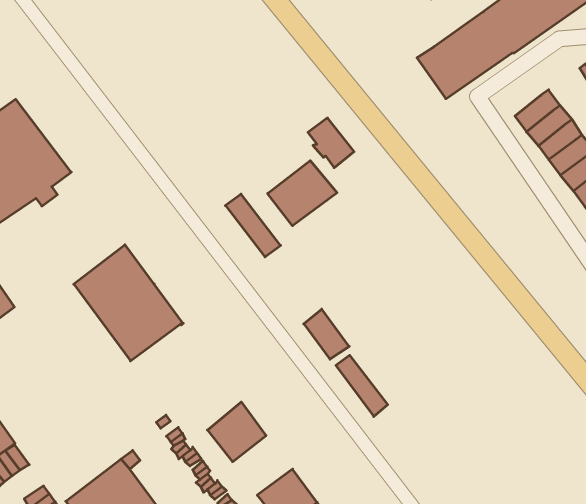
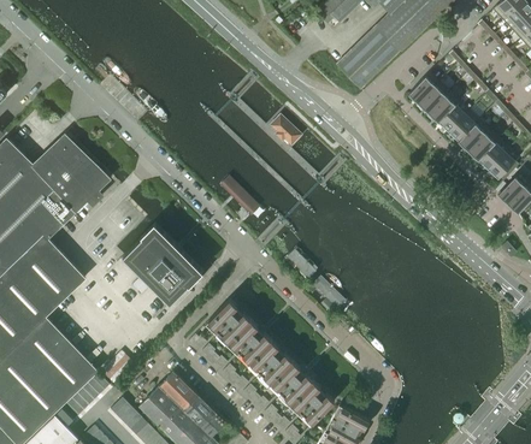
building: [268,161,337,226] -> none
building: none -> [207,300,249,343]
building: none -> [249,341,291,383]

